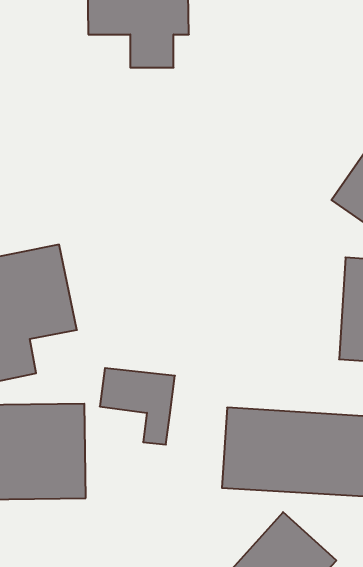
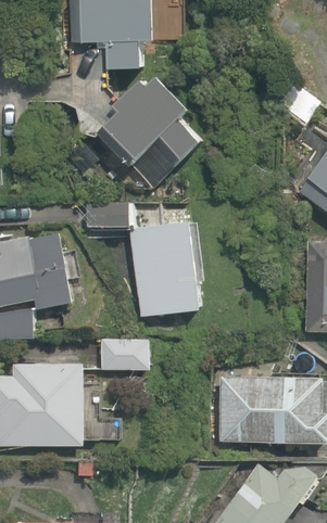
building: none -> [113,82,226,174]
building: none -> [79,202,207,319]

